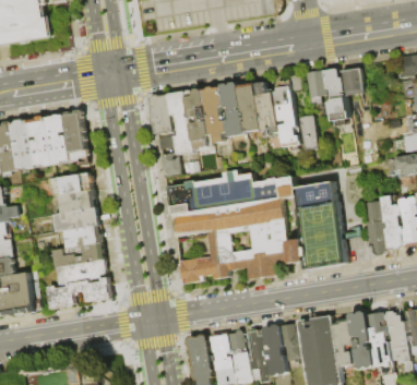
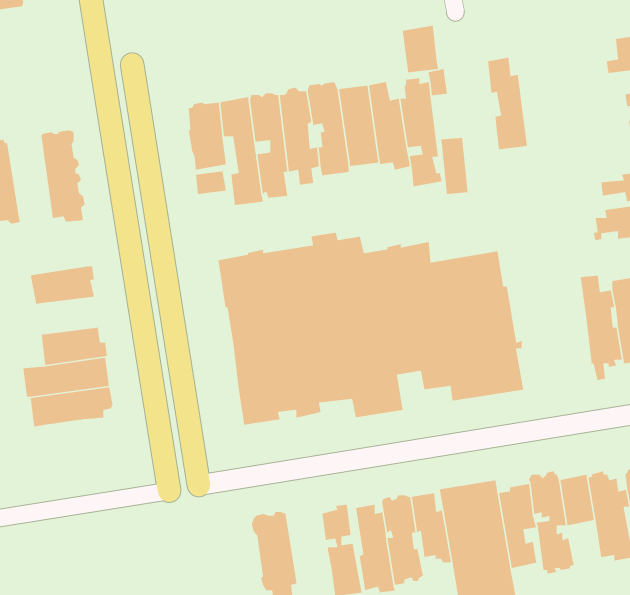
building: [343,69,365,96] -> none
building: [307,70,329,98] -> [402,25,439,73]
building: [44,113,70,165] -> none
building: [49,173,93,195] -> none
building: [366,201,386,256] -> none
building: [52,207,98,231] -> none
building: [47,278,111,309] -> none
building: [210,332,234,376] -> none

